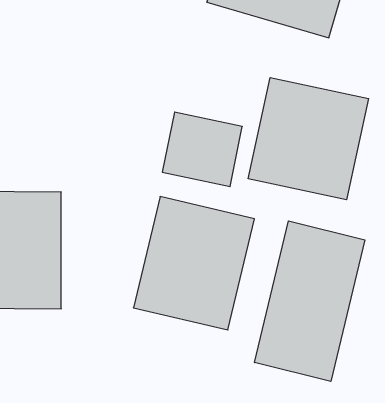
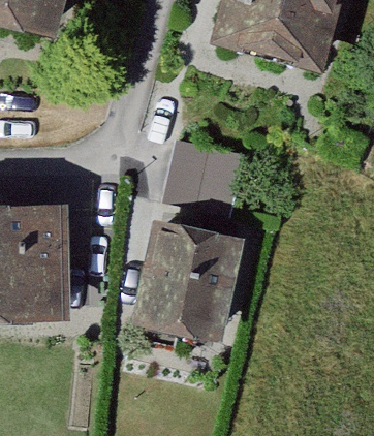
building: [248,78,369,200] -> none
building: [255,221,365,381] -> none

